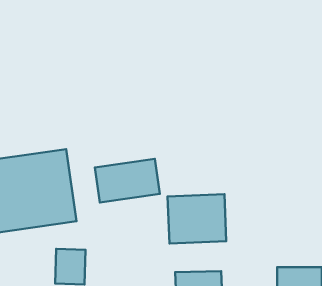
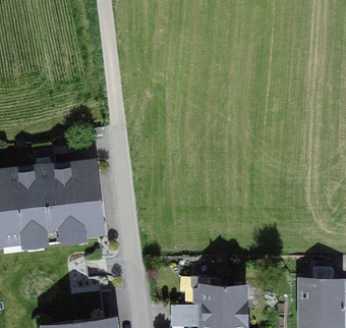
building: [95,159,160,203] -> none
building: [167,194,226,243] -> none

